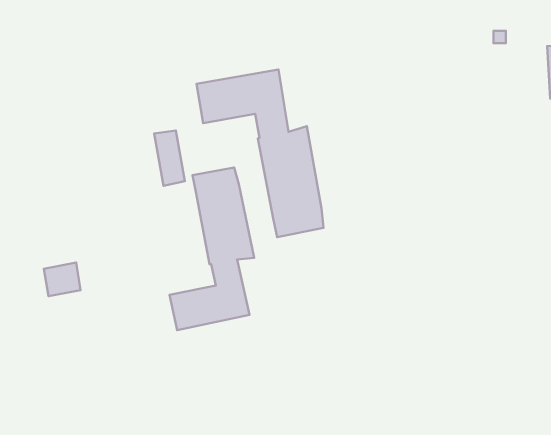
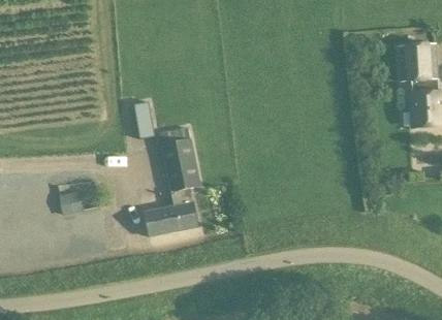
building: [197,70,324,237] -> none

